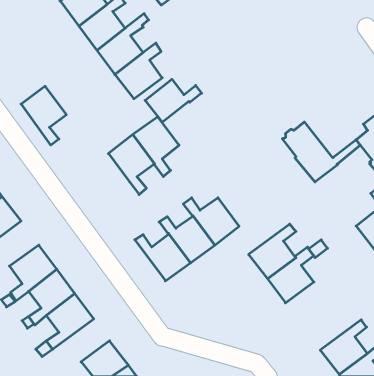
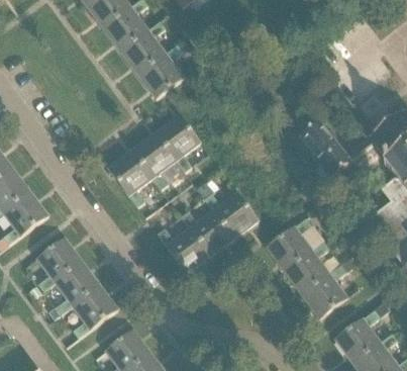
building: [145,79,202,122] -> none
building: [21,86,66,145] -> [109,151,152,207]
building: none -> [302,260,353,318]

